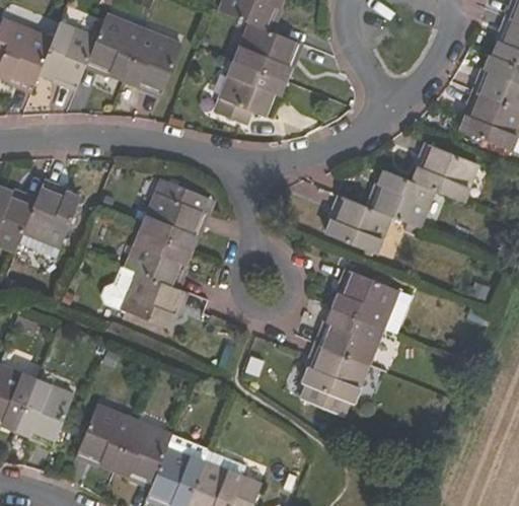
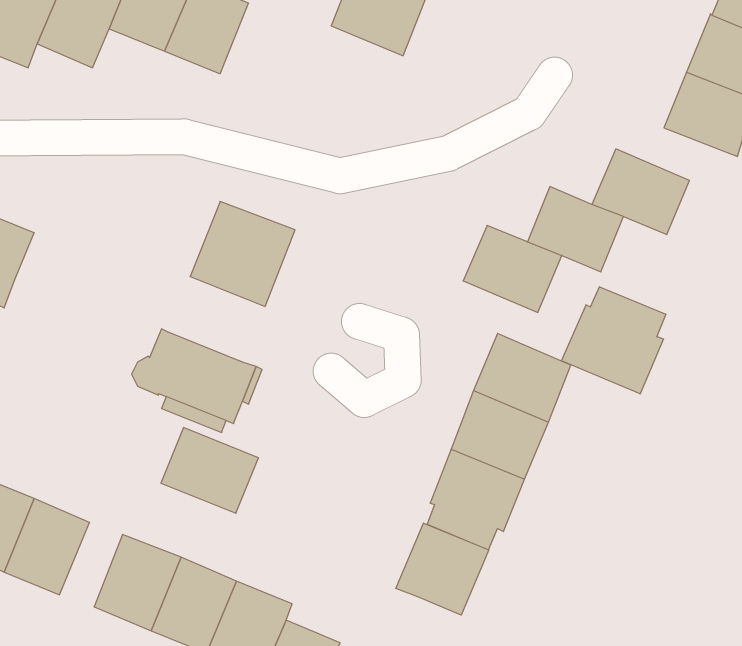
building: [215,60,285,124] -> none
building: [22,183,80,246] -> none
building: [126,229,192,287] -> [161,428,258,513]
building: none -> [561,287,666,394]
building: none -> [396,523,489,615]

